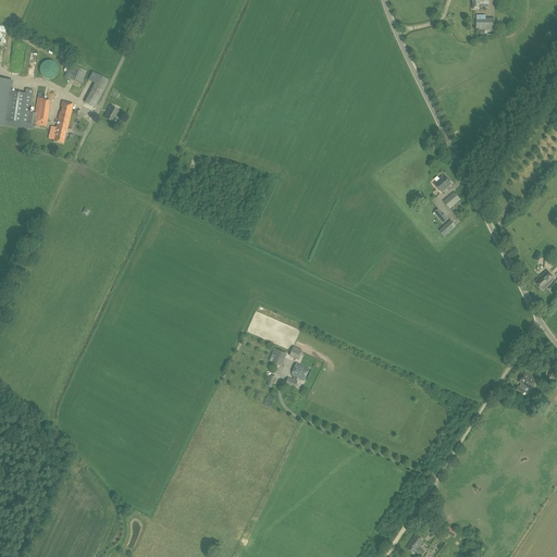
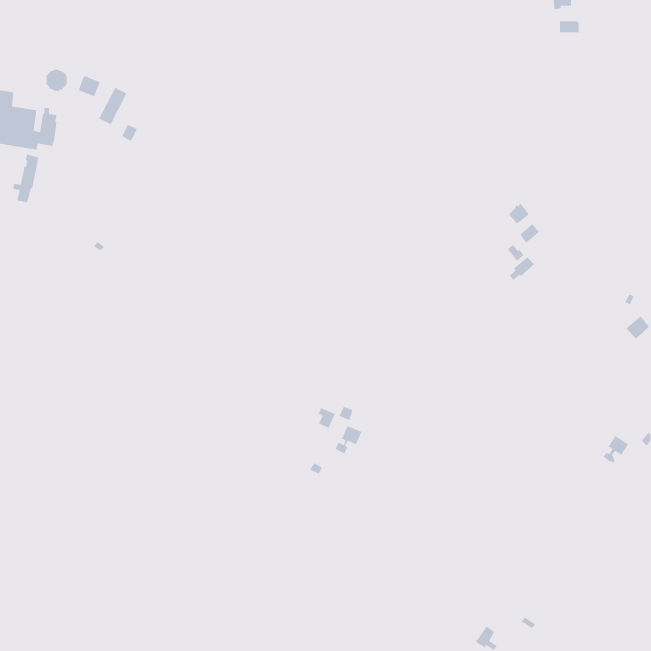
building: [49,100,72,143] -> [12,153,39,203]

